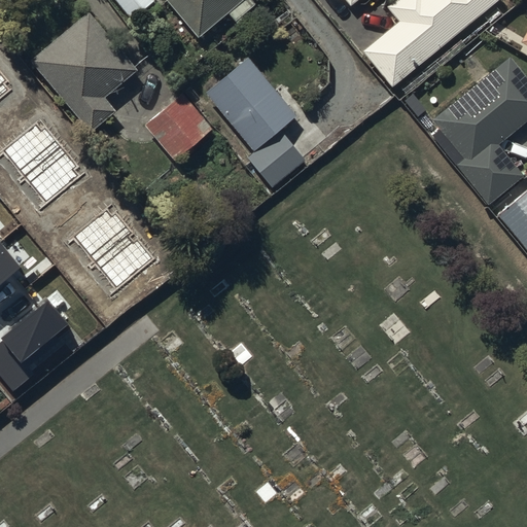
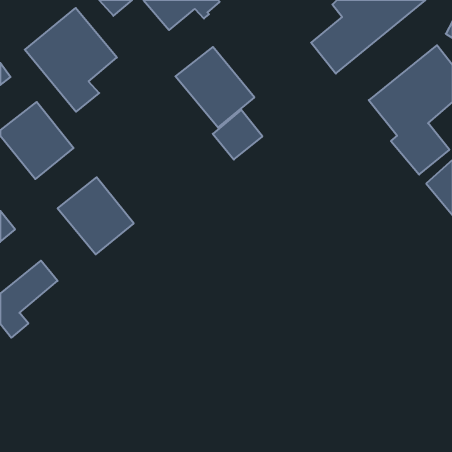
building: [145,93,213,160] -> none

